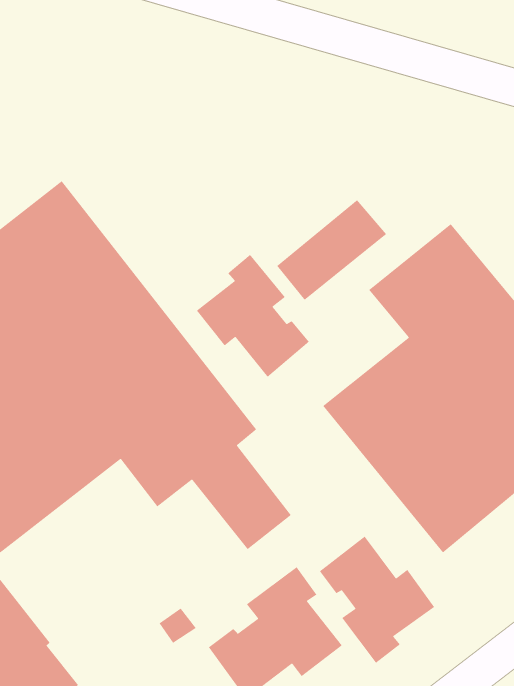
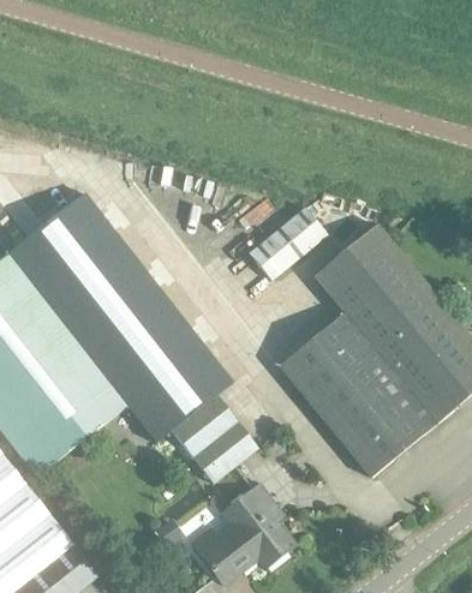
building: [196,254,310,378] -> none
building: [319,535,435,664] -> none

